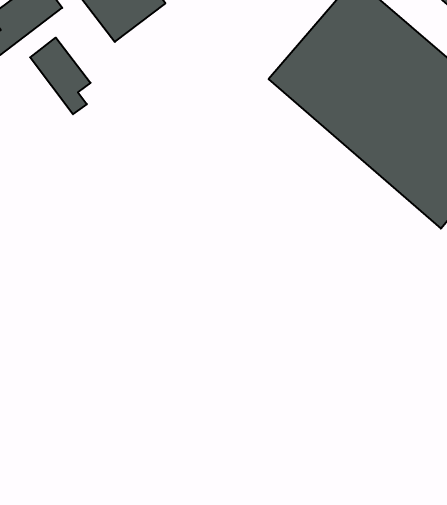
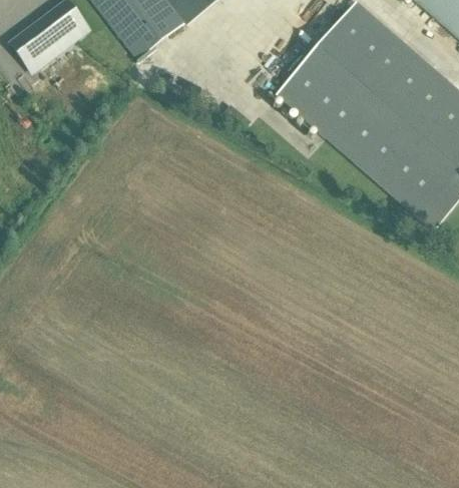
building: [30,38,91,114] -> none

